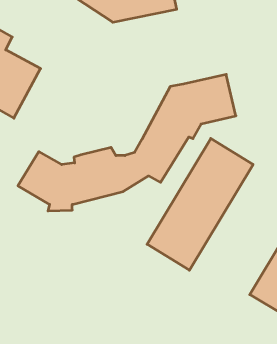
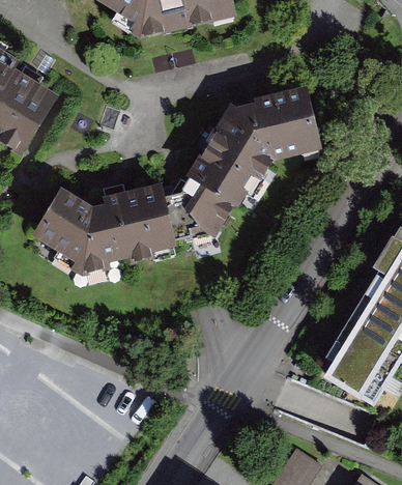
building: [147,138,253,270] -> none

